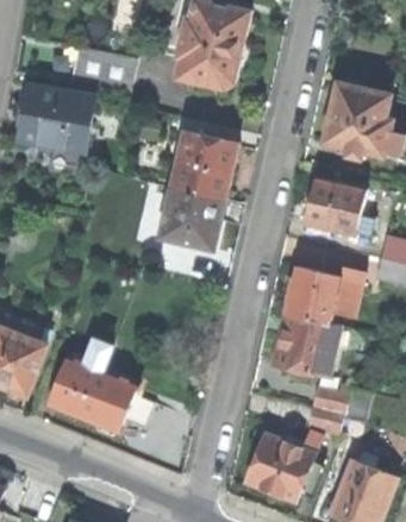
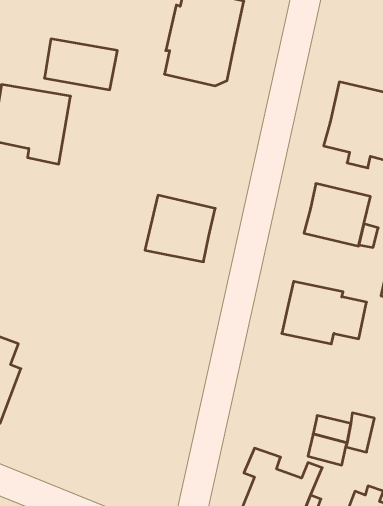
building: [171,132,236,200] -> none
building: [274,314,341,382] -> none
building: [50,338,136,436] -> none

